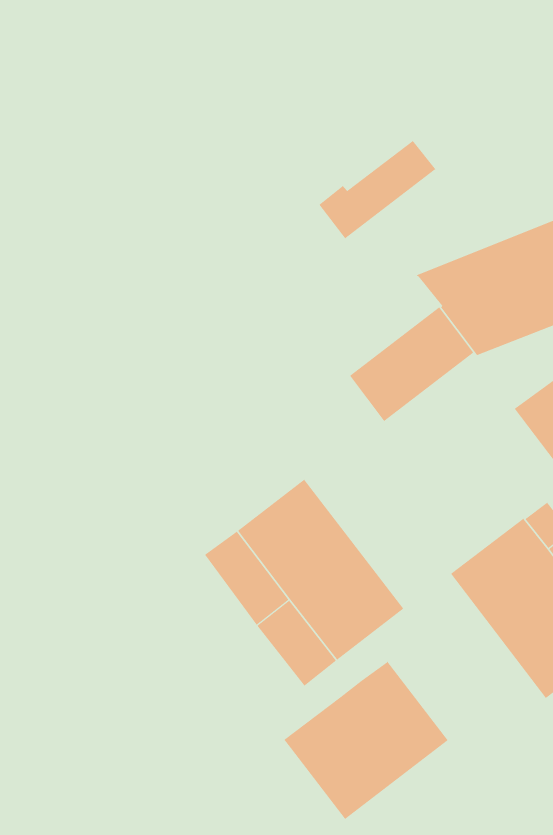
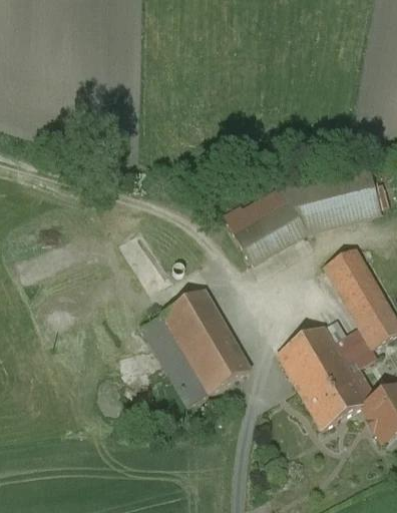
building: [319,140,437,239] -> [224,183,292,233]
building: [284,660,448,820] -> none

